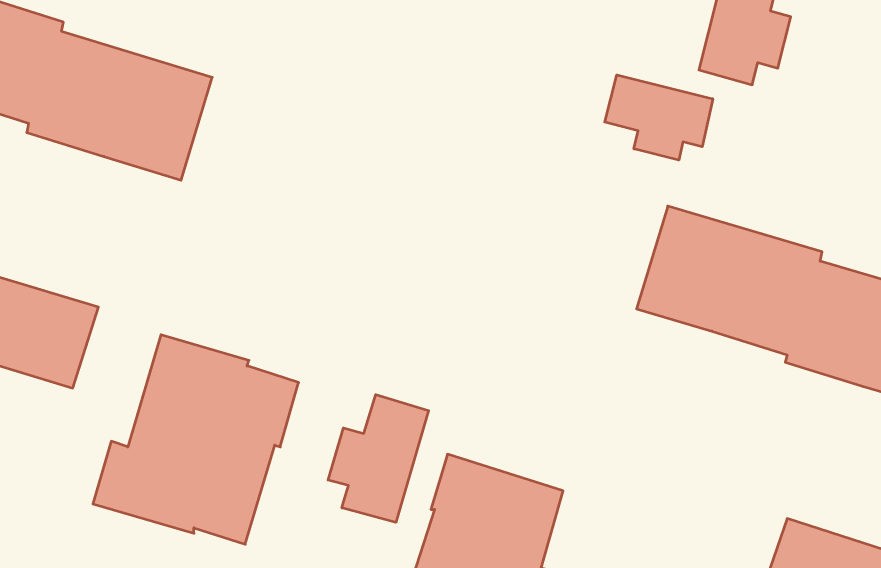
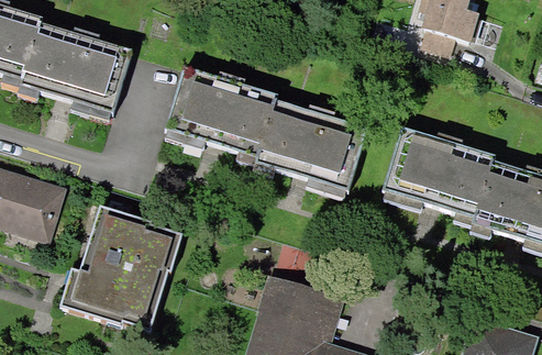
building: [605,75,713,160] -> none
building: none -> [167,68,367,190]
building: [328,395,429,522] -> none

